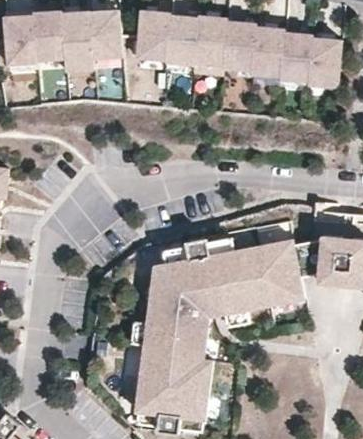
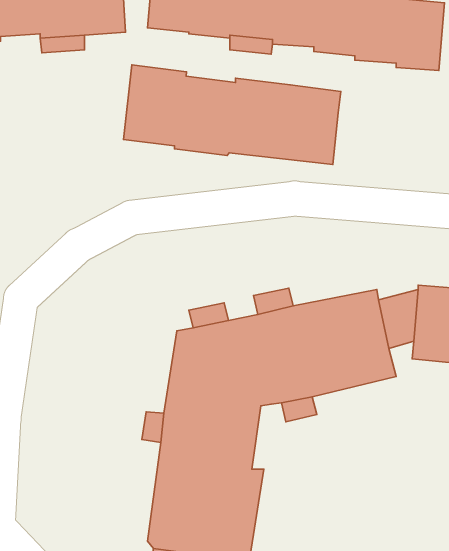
building: none -> [124,65,341,164]

